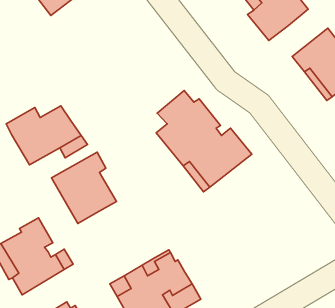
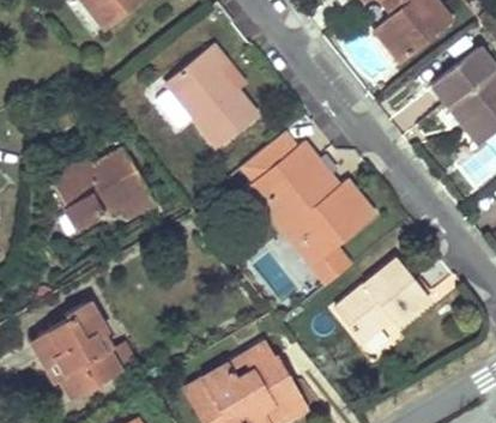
building: none -> [165,44,258,149]
building: [51,152,117,224] -> none
building: none -> [337,259,430,343]

